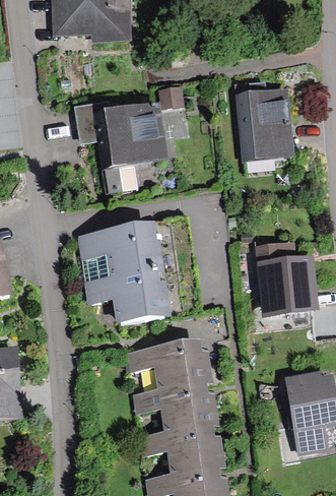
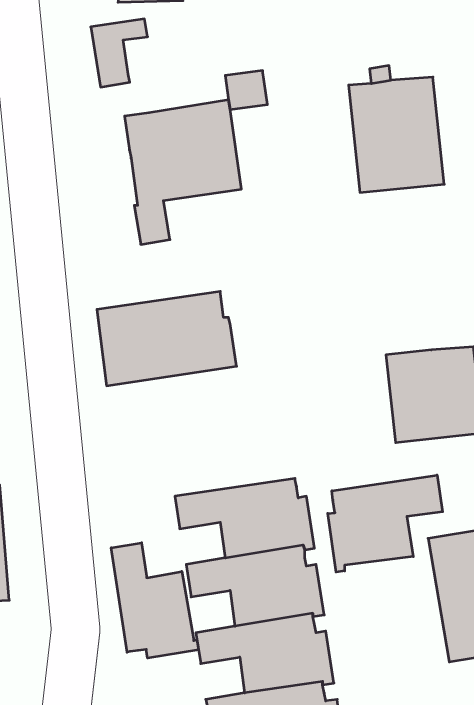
building: [74,100,110,142] -> [91,19,148,87]
building: [83,269,171,324] -> none
building: none -> [328,475,443,572]
building: none -> [111,543,199,658]

